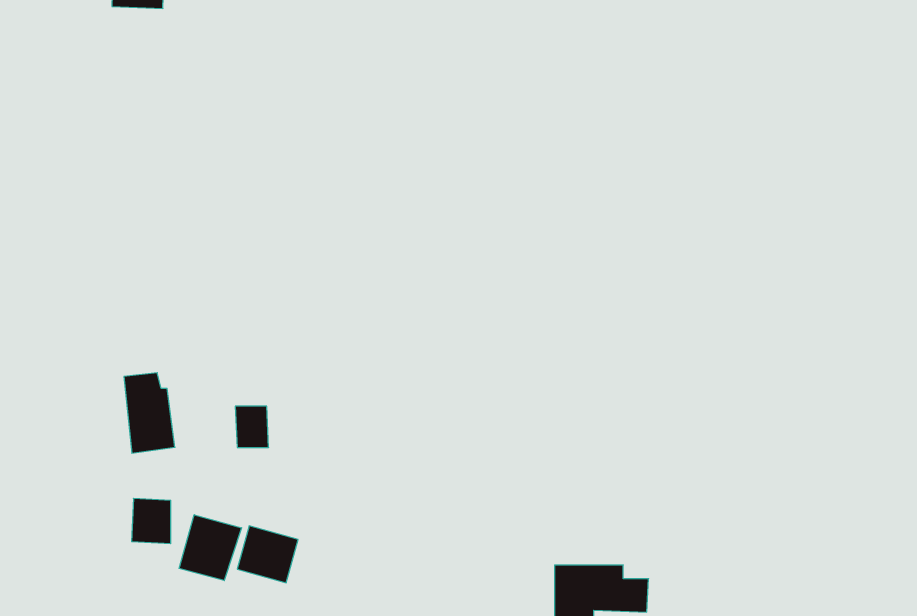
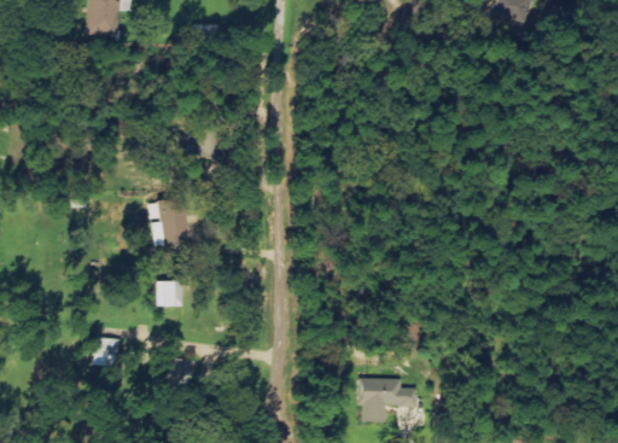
building: [124,373,175,453] -> [157,198,188,247]
building: [179,515,242,581] -> none

